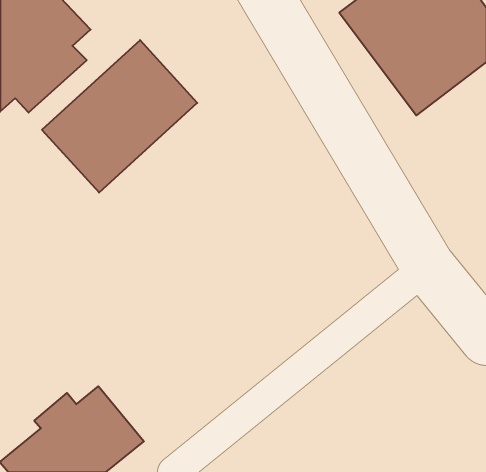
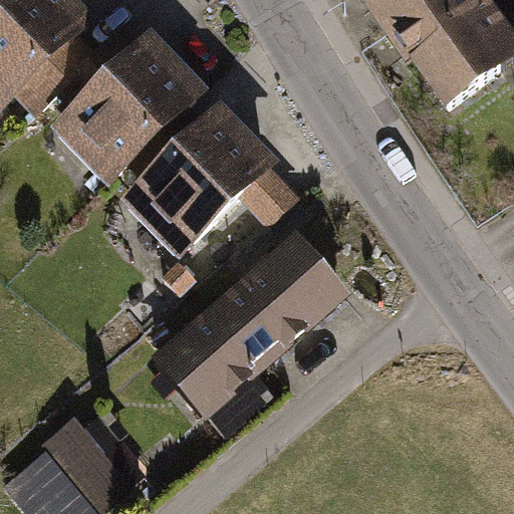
building: none -> [118,112,278,268]
building: none -> [151,234,350,422]

